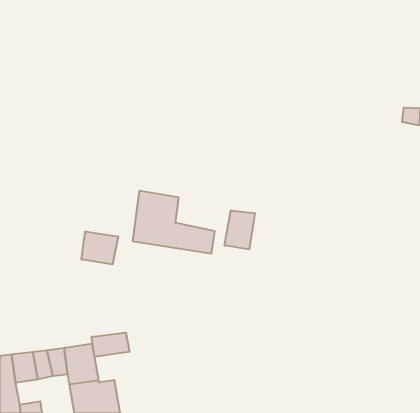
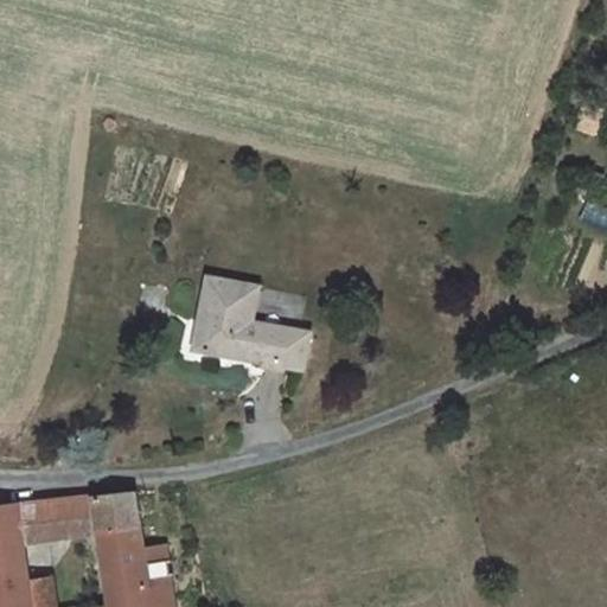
building: [224,210,255,249] -> none
building: [82,231,118,264] -> none
building: [92,333,130,357] -> none

